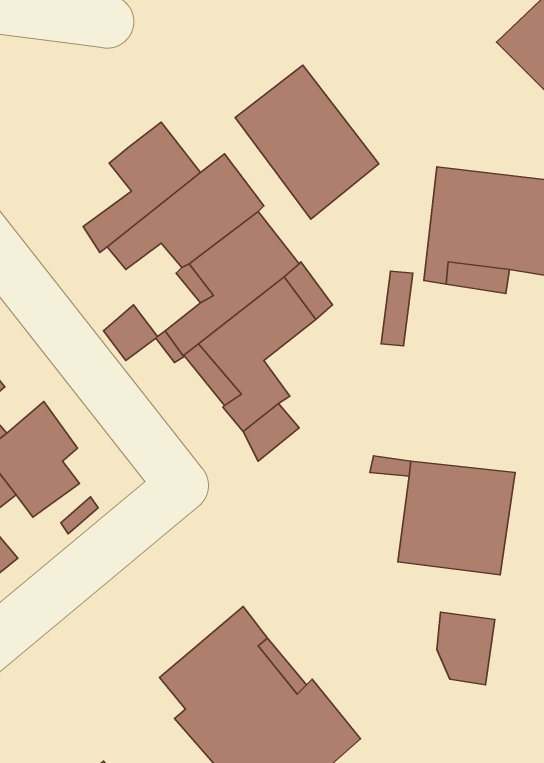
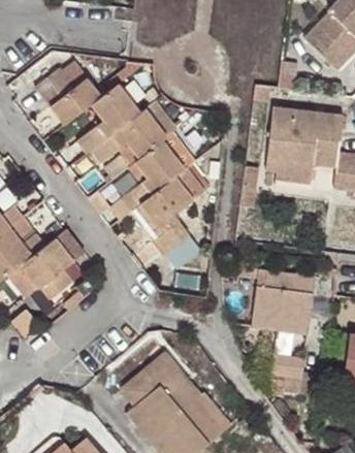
building: [235,65,379,219] -> none
building: none -> [36,59,102,125]

